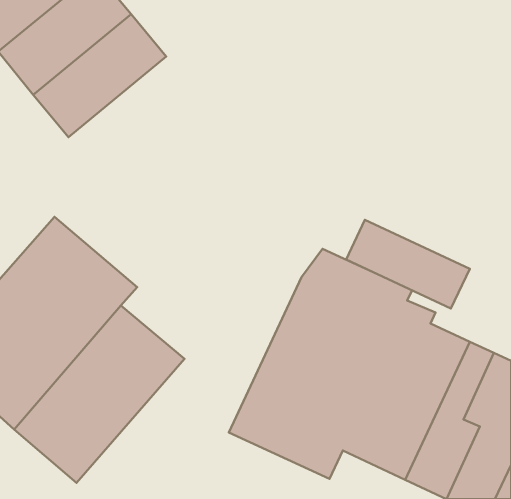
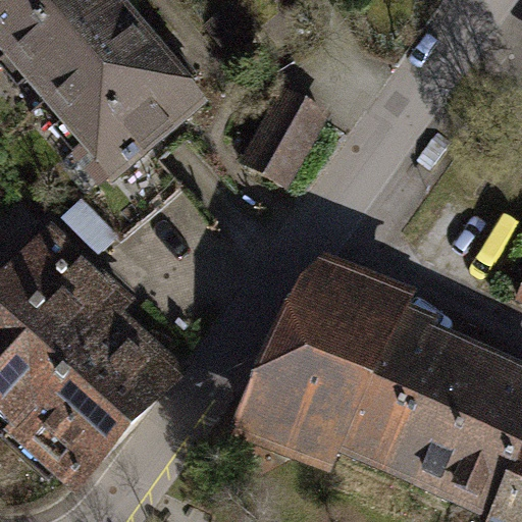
building: none -> [69,57,204,181]
building: none -> [243,76,326,176]
building: [346,220,470,308] -> none

